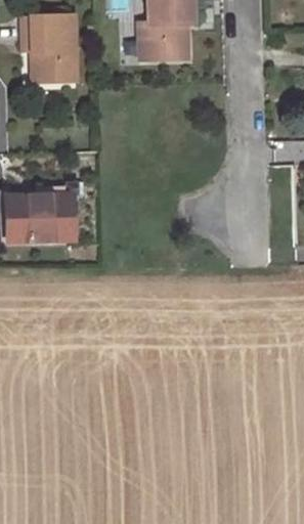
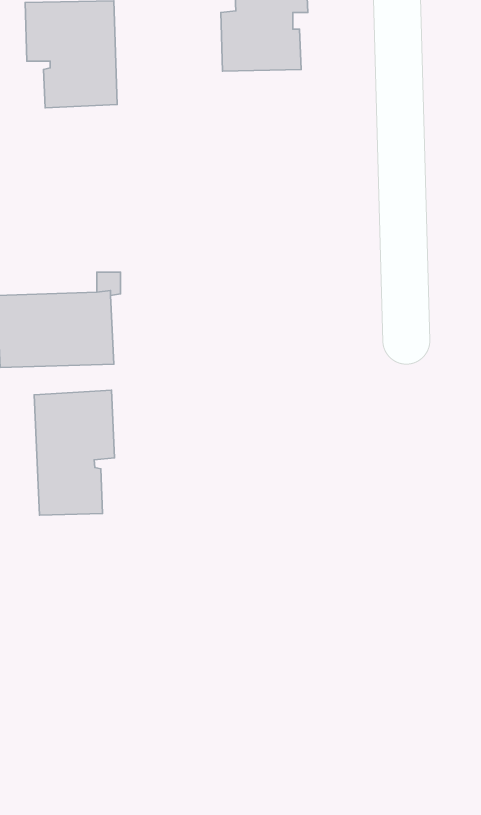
building: none -> [34,390,115,515]

